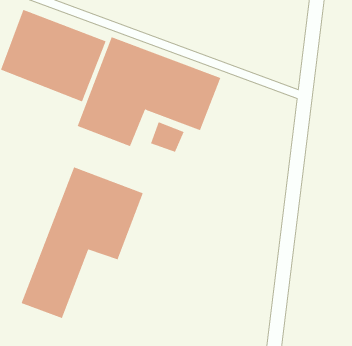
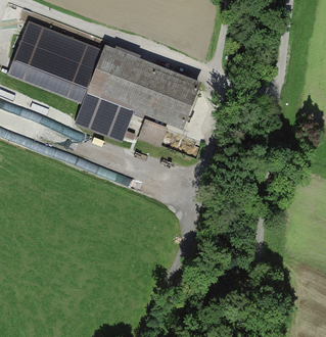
building: [21,166,143,319] -> none

